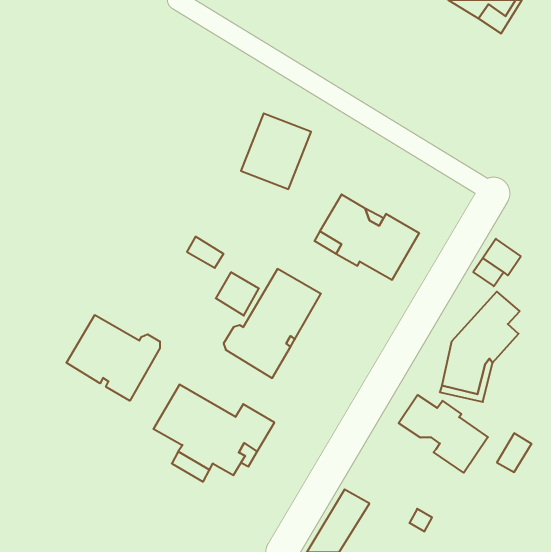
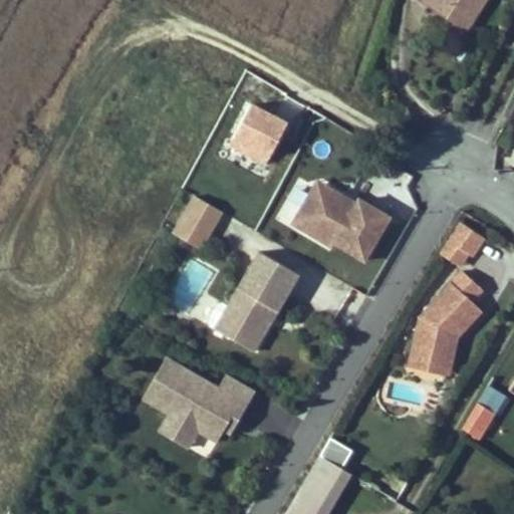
building: [216,272,259,316] -> [183,196,223,236]
building: [66,315,160,401] -> none
building: [399,395,488,473] -> none

